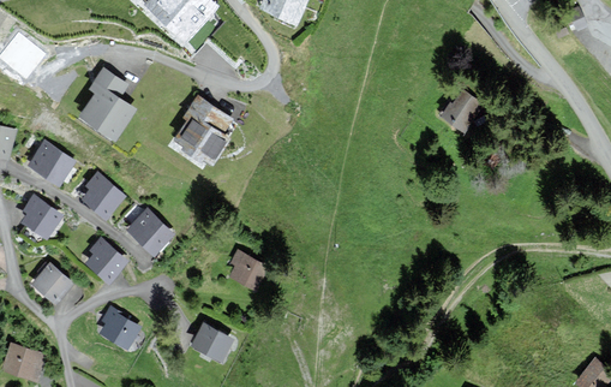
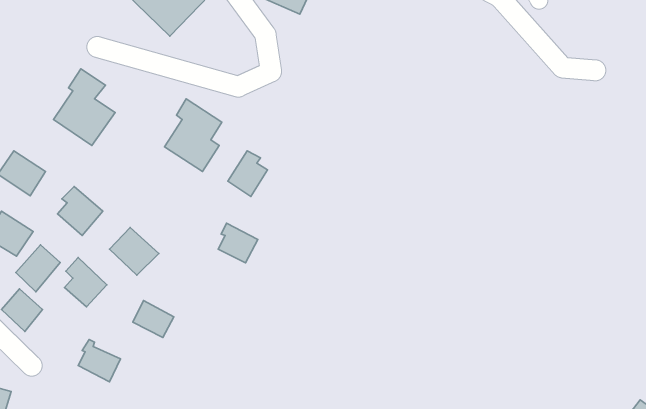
building: [441,93,477,129] -> none
building: none -> [228,151,267,197]
building: none -> [16,245,60,292]
building: [230,252,265,287] -> [218,223,258,263]
building: [193,326,229,358] -> [133,300,174,337]

